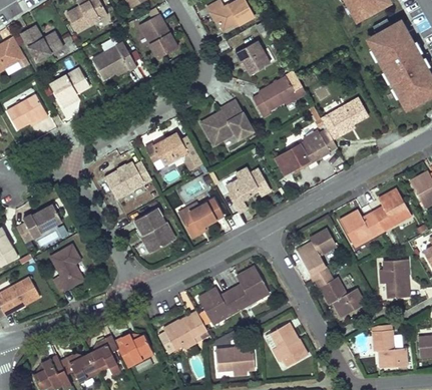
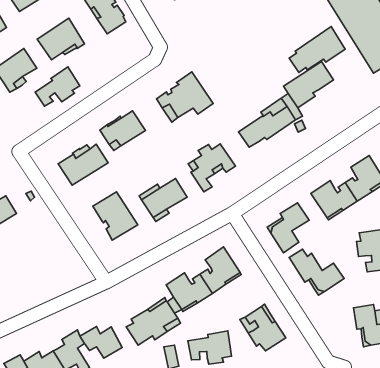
building: [235,40,269,73] -> none
building: [252,71,305,112] -> [289,27,345,72]
building: none -> [35,67,80,106]
building: [49,245,83,292] -> none

